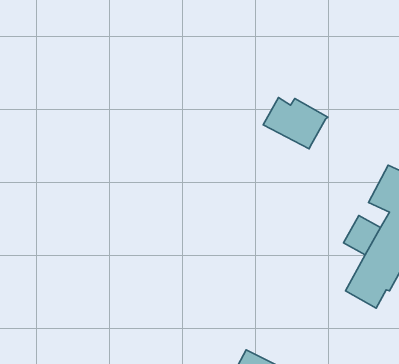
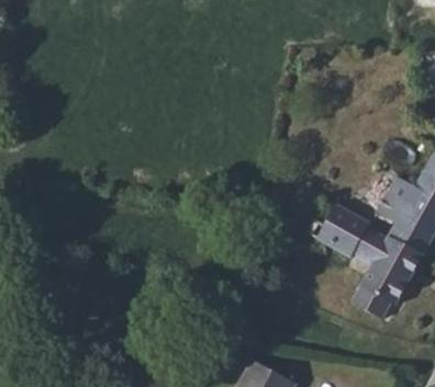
building: [263,97,328,149] -> [302,205,367,257]

